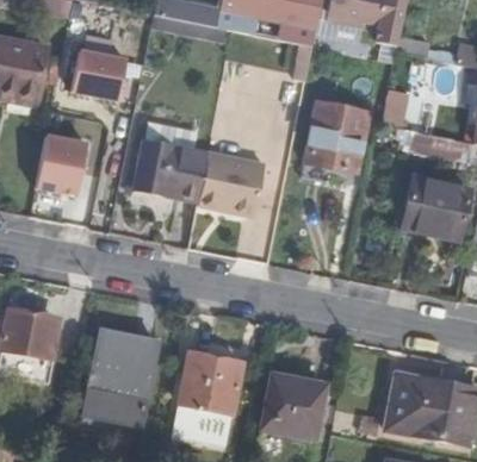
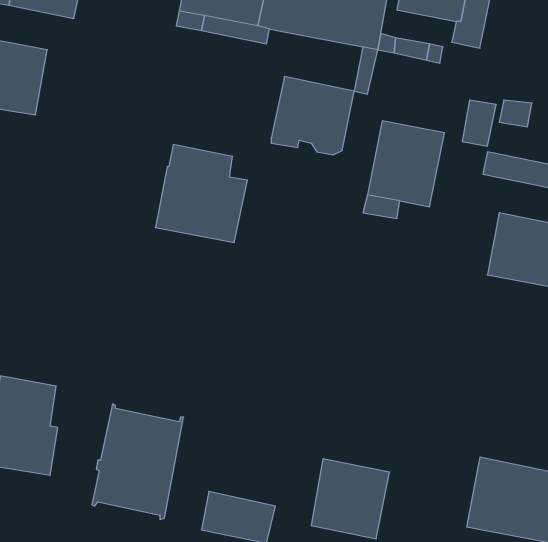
building: [68,43,128,100] -> none
building: [35,130,86,193] -> none
building: [199,151,266,214] -> [271,76,354,155]
building: [179,351,242,413] -> none

